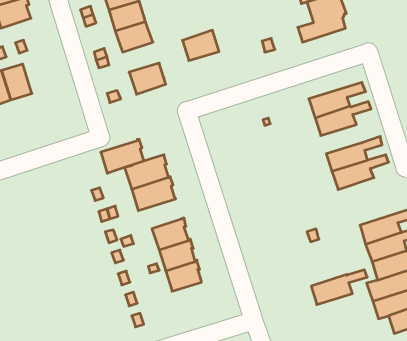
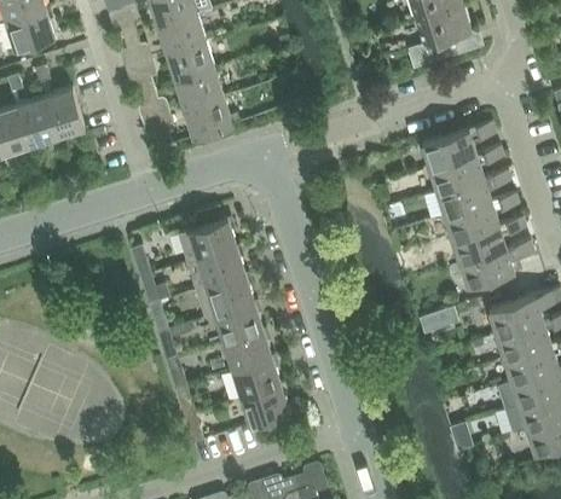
building: [182,30,219,61] -> [175,69,224,109]
building: none -> [44,88,85,137]
building: none -> [436,170,510,216]
building: [101,139,145,173] -> [196,274,254,319]
building: [311,270,367,305] -> [459,242,533,288]
building: none -> [241,384,289,427]

